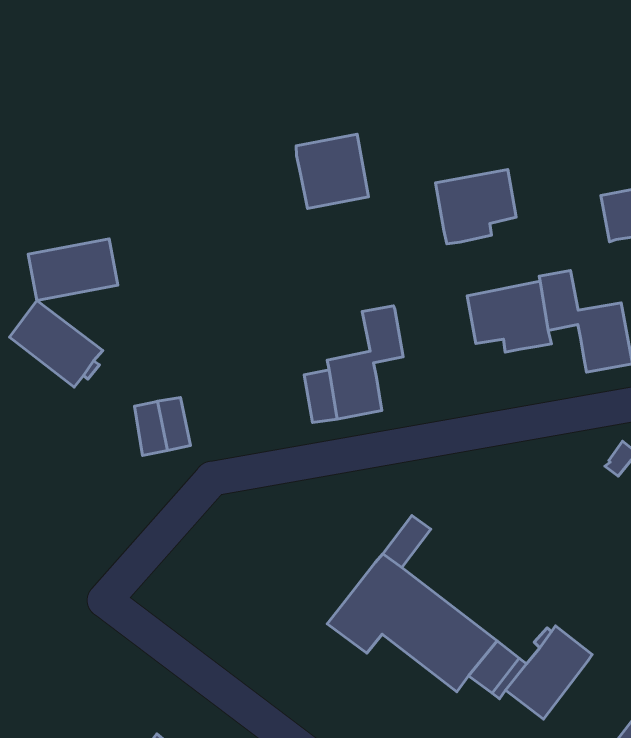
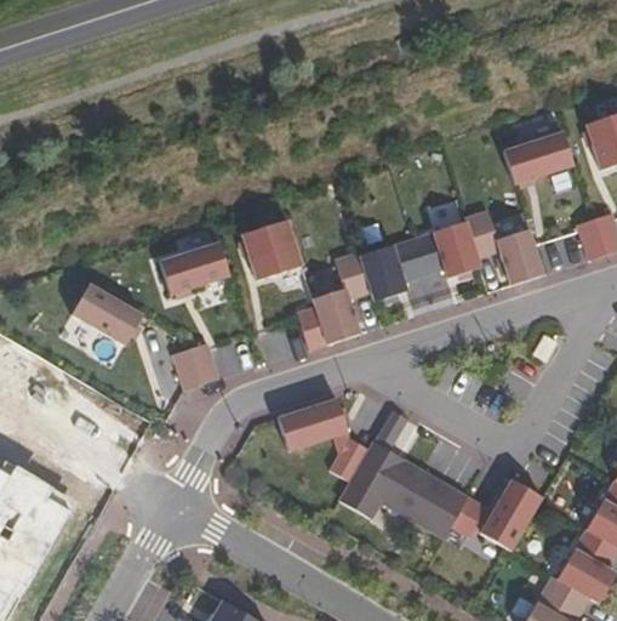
building: [296,134,368,208] -> [242,220,302,280]
building: [435,170,516,244] -> [360,239,424,301]
building: [28,239,118,300] -> [160,241,230,295]
building: none -> [278,398,370,482]

